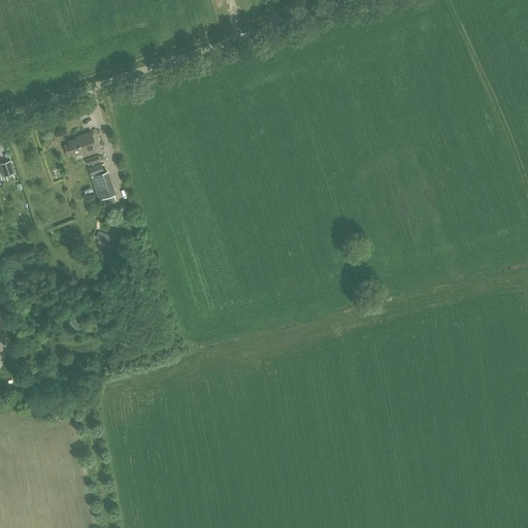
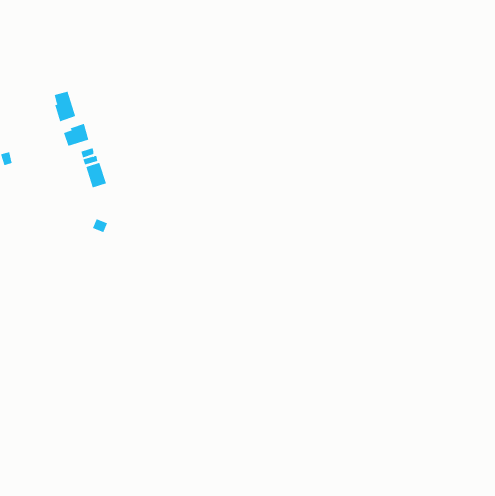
building: none -> [54,91,76,122]

